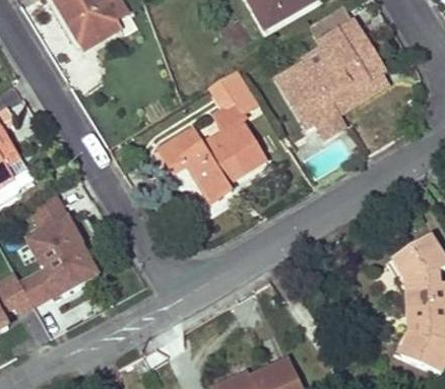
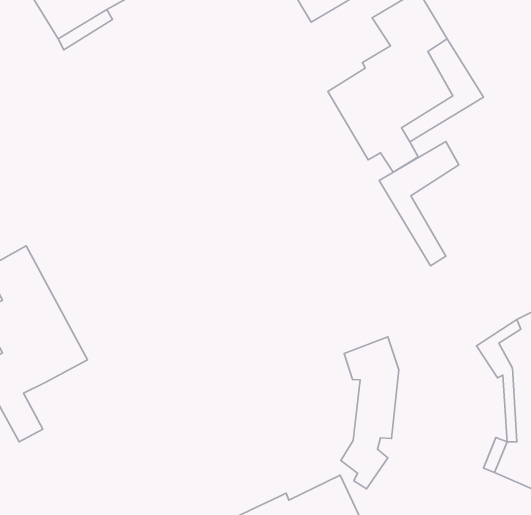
building: [161,67,264,202] -> none
building: none -> [379,141,459,266]
building: none -> [341,337,399,489]

